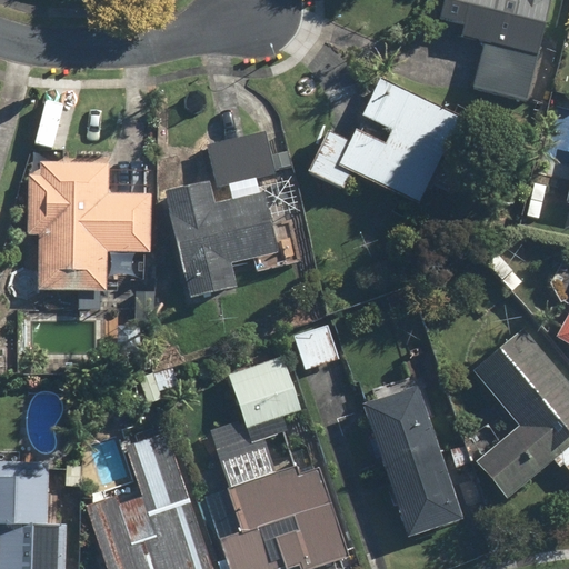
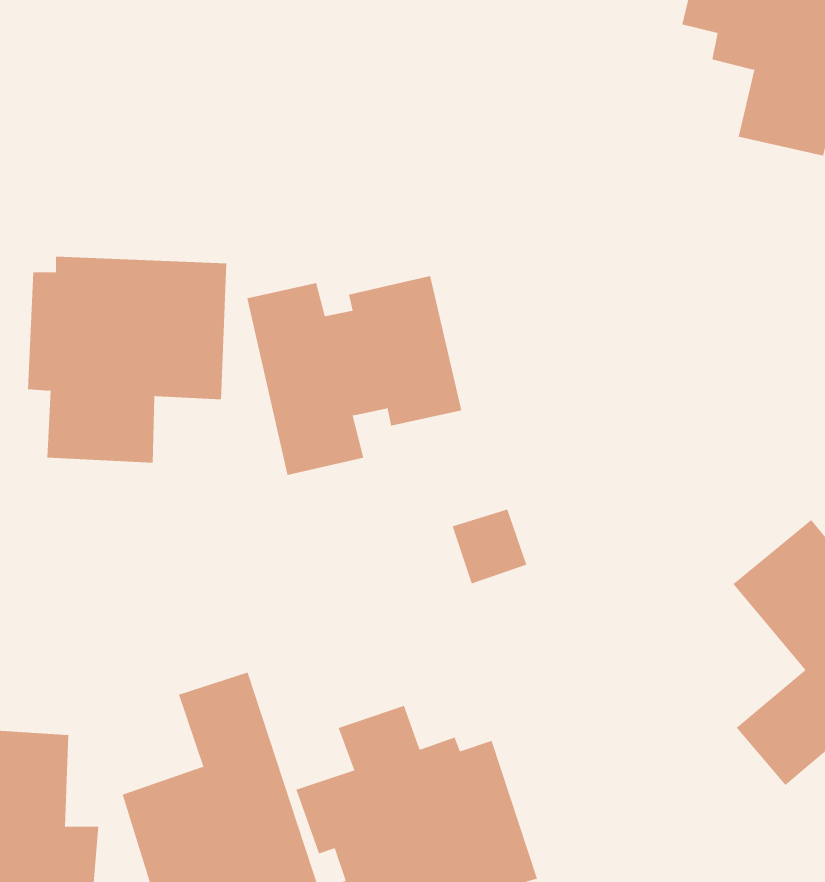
building: [307,78,460,206] -> none
building: [207,131,273,187] -> none
building: [228,353,303,429] -> none
building: [362,381,462,538] -> none

